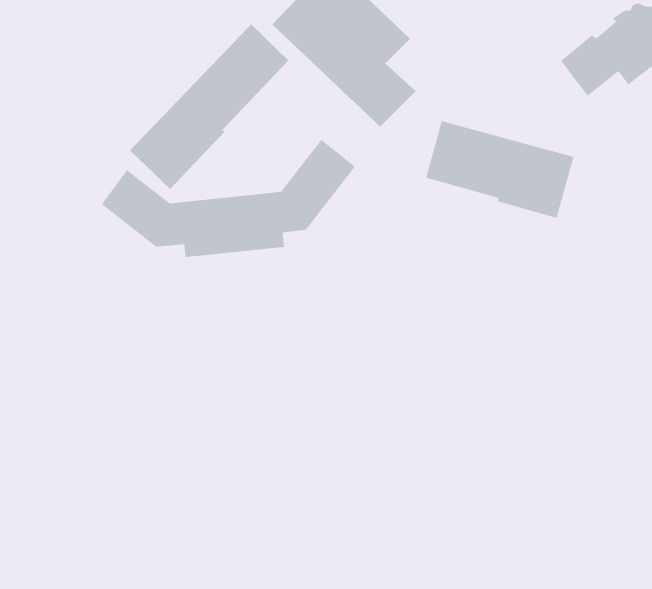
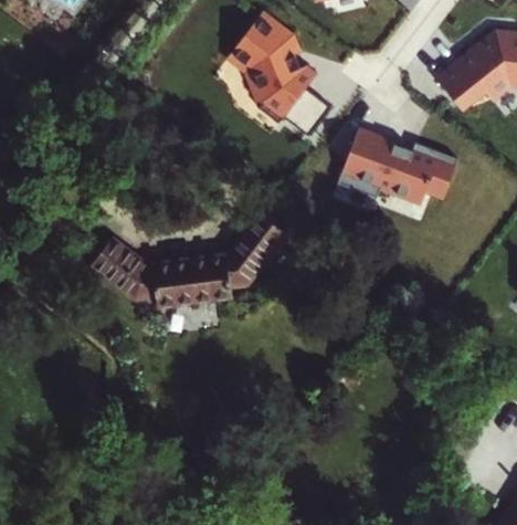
building: [129,24,289,190] -> none
building: [101,139,356,258] -> [93,214,287,305]

